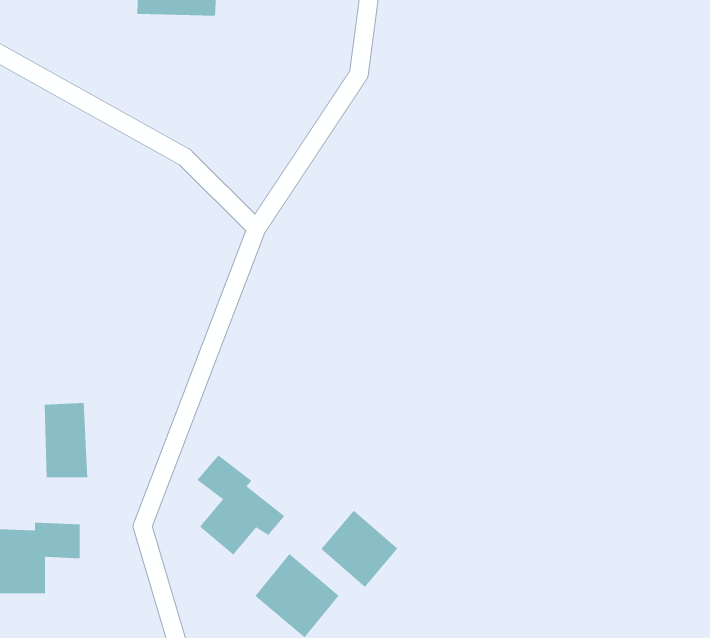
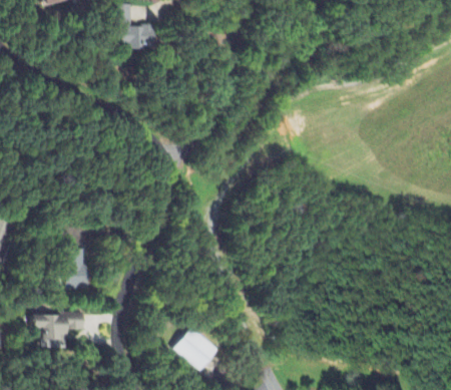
building: [197,454,285,555] -> none
building: [320,510,398,588] -> none

